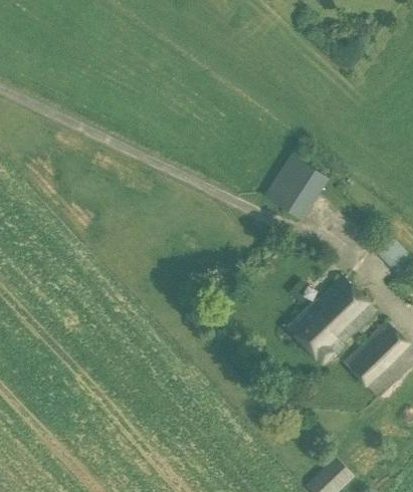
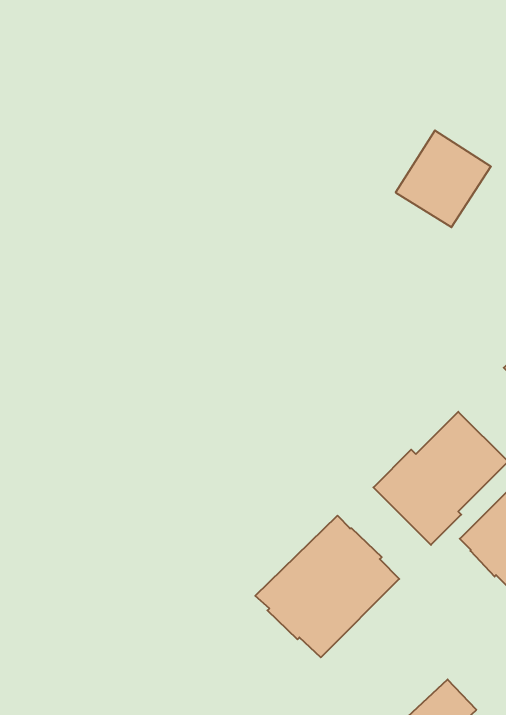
building: [264,155,328,219] -> [396,130,491,227]
building: none -> [255,516,399,657]

